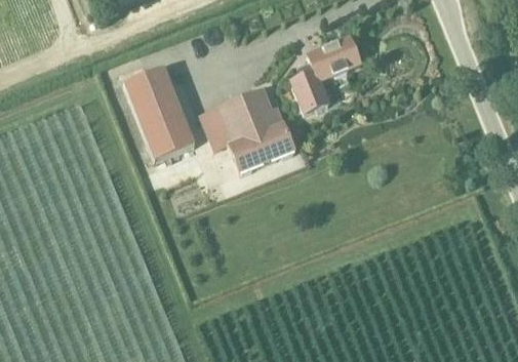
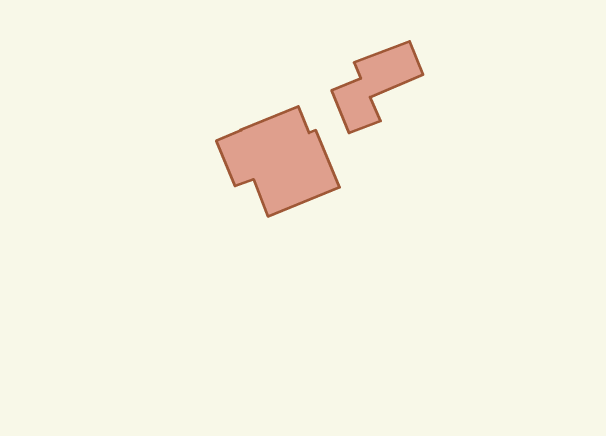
building: [123,67,195,161] -> none

